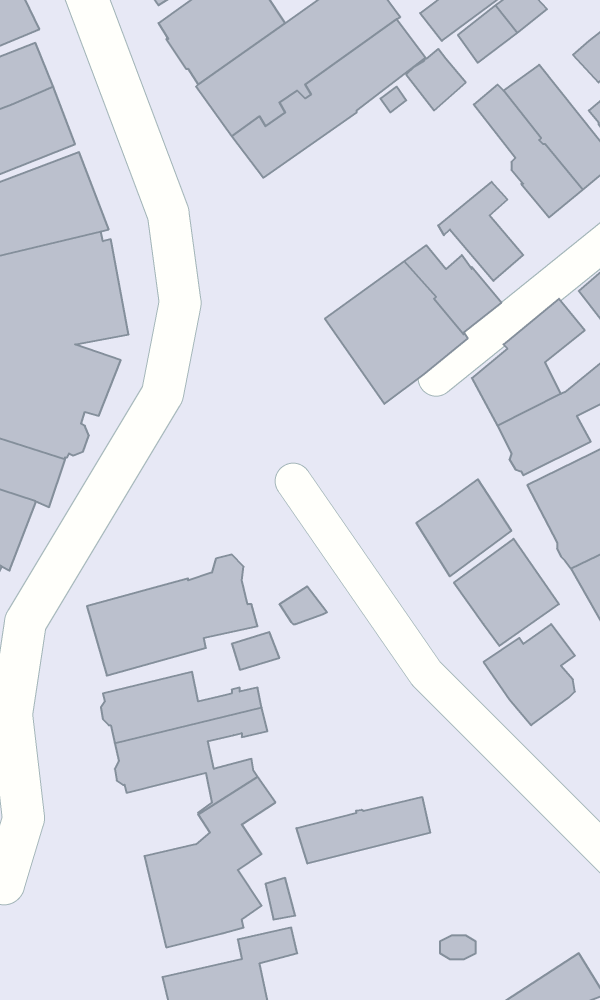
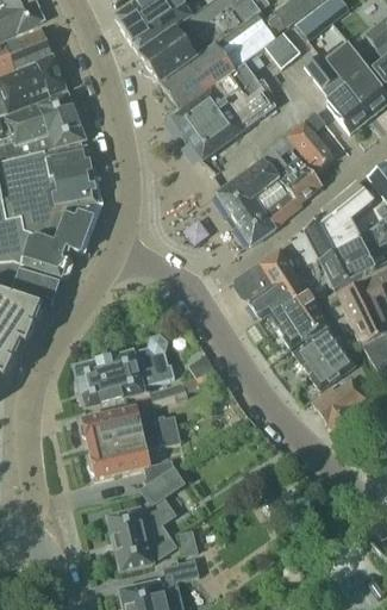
building: none -> [170,62,276,160]
building: none -> [238,248,307,318]
building: [296,797,430,864] -> none

